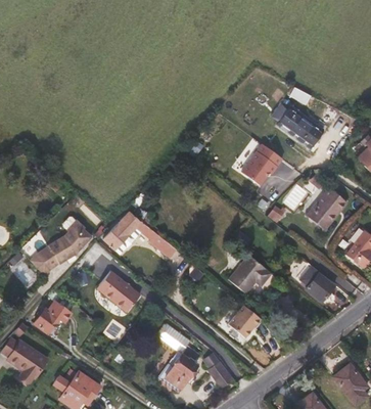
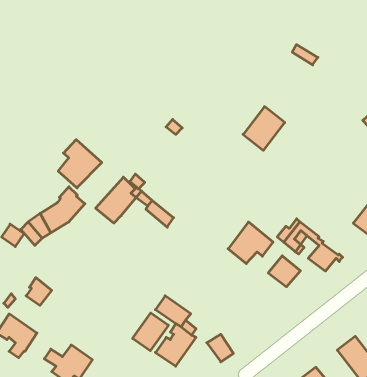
building: [271,98,323,148] -> none
building: none -> [58,140,102,188]
building: [305,188,344,229] -> none
building: [96,270,140,312] -> none
building: [228,305,259,334] -> [268,256,300,287]
building: none -> [133,313,168,351]

